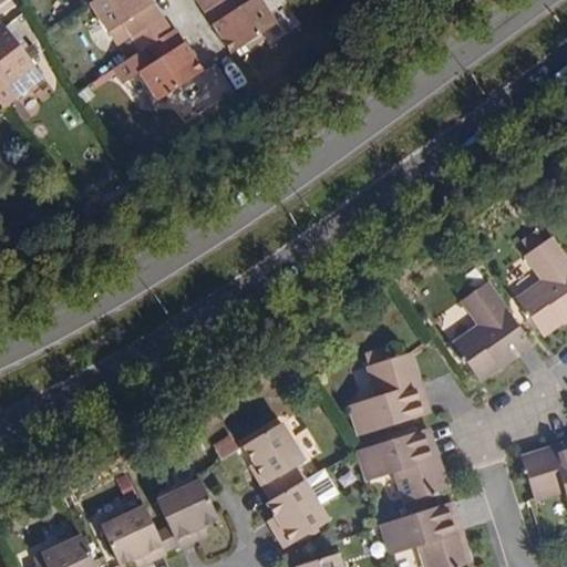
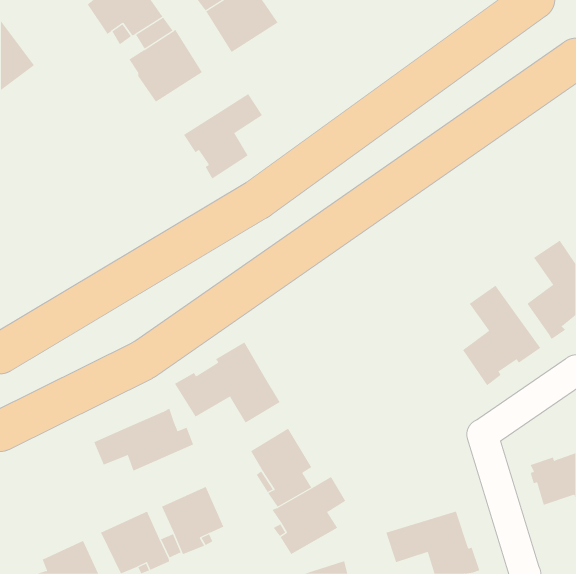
building: none -> [183,93,263,180]
building: none -> [174,341,281,423]
building: [347,351,427,434] -> none
building: none -> [93,408,194,472]
building: [355,429,447,502] -> none

